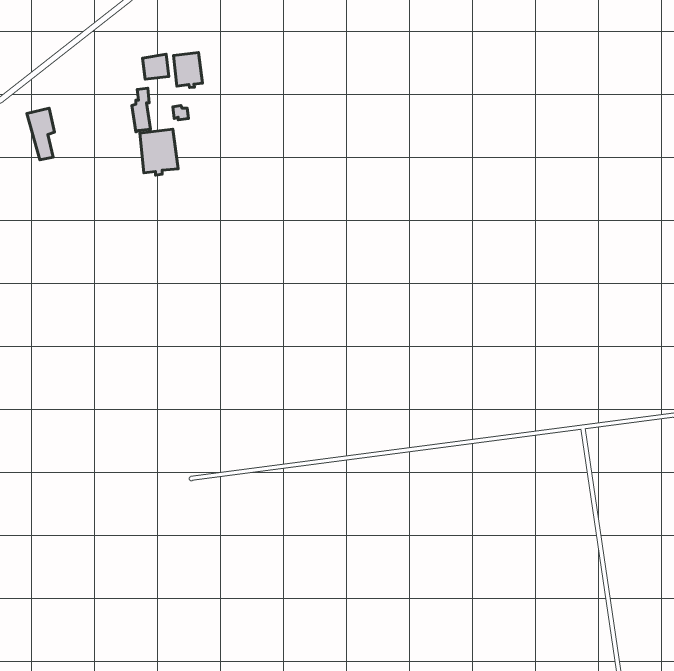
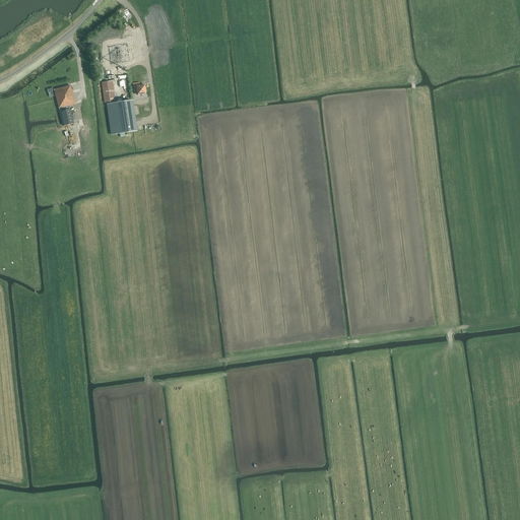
building: [174,52,203,87] -> none
building: [27,108,54,160] -> [54,84,75,124]

